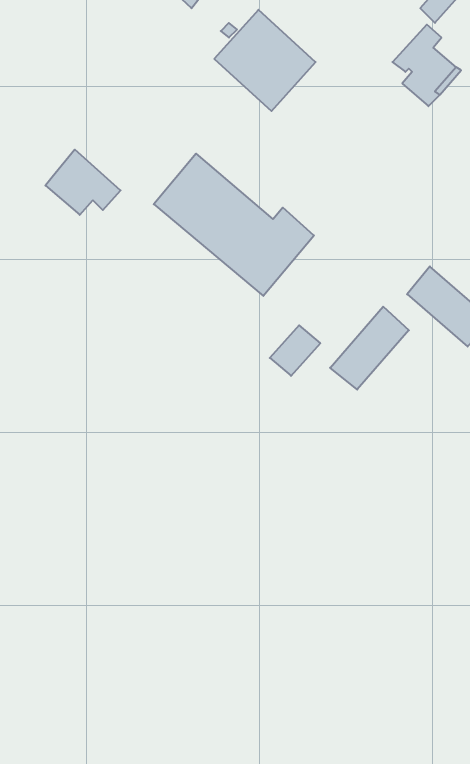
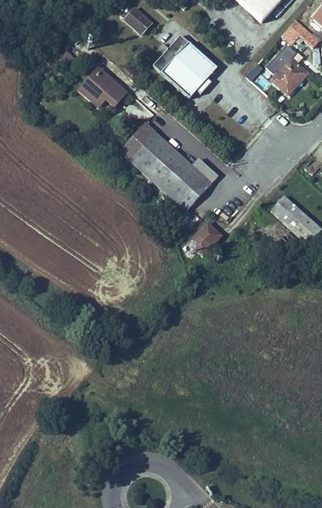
building: [45,150,121,215] -> [80,69,126,109]
building: [330,307,409,390] -> none

